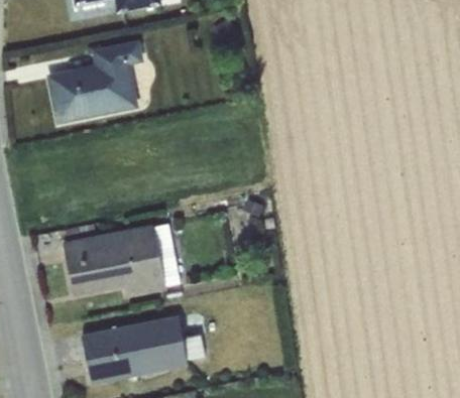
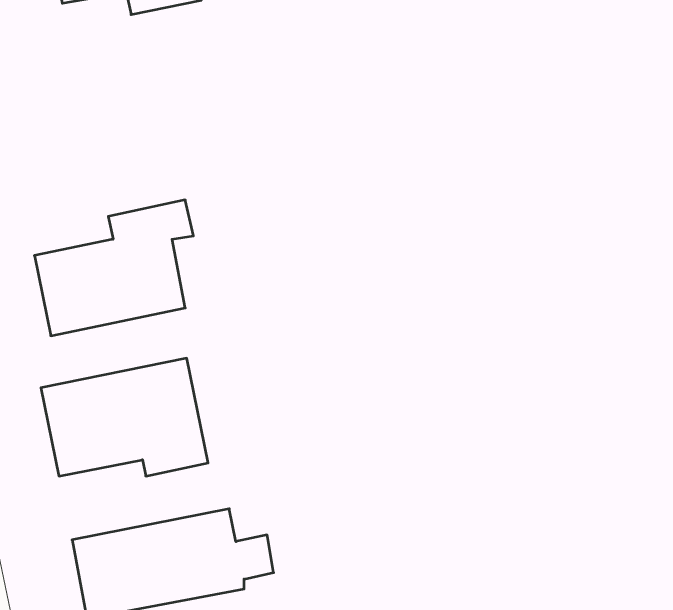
building: [46,40,144,124] -> [34,200,193,336]

